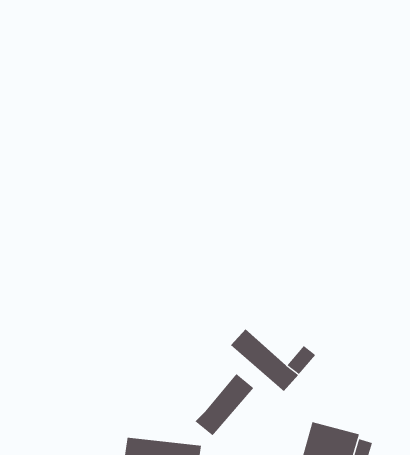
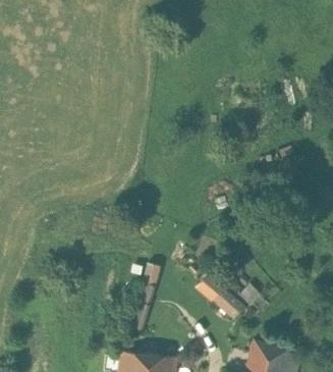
building: [195,373,254,436] -> none

